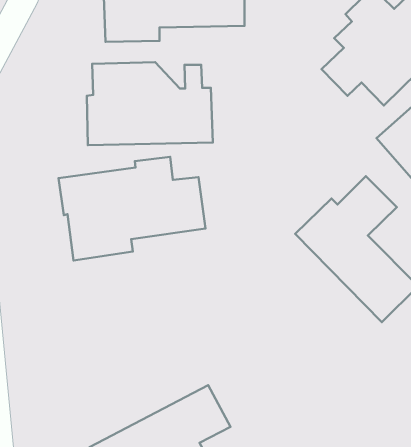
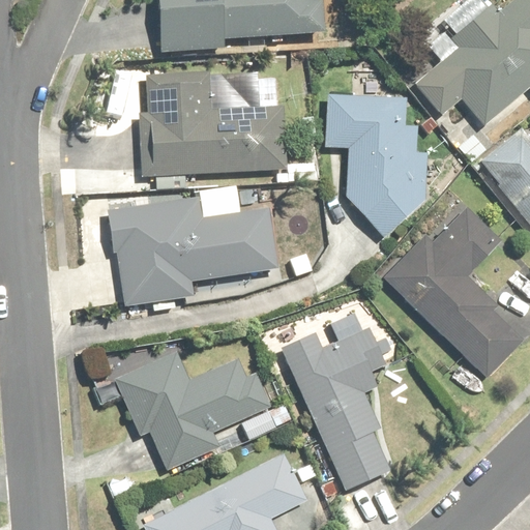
building: none -> [324,93,425,236]
building: none -> [282,325,392,487]
building: none -> [114,351,293,470]

